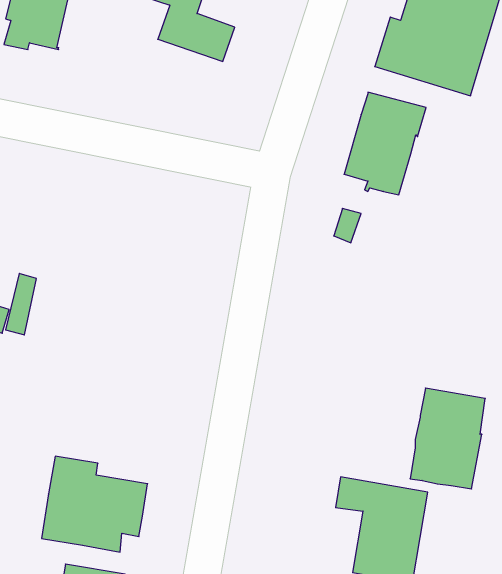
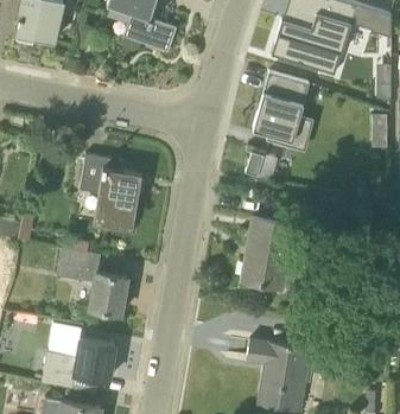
building: none -> [78,154,141,224]
building: none -> [56,248,125,316]
building: [410,388,485,489] -> [241,218,293,288]

